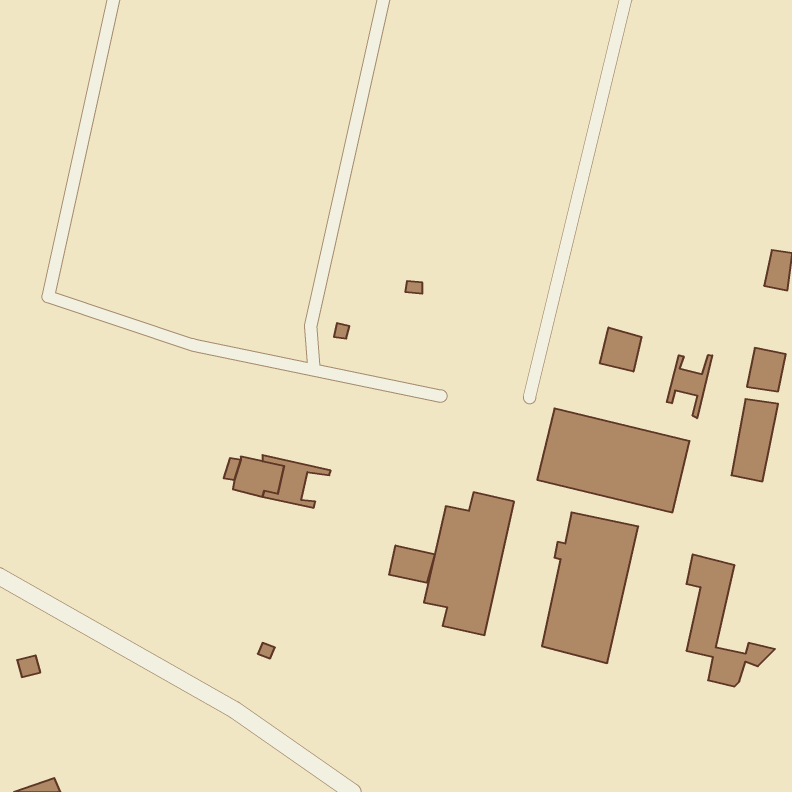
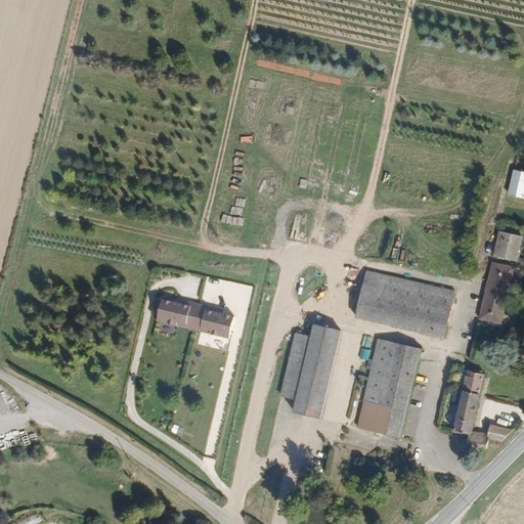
building: [600,327,642,372] -> none
building: [667,355,712,418] -> none
building: none -> [199,311,231,339]
building: [389,545,435,583] -> none

